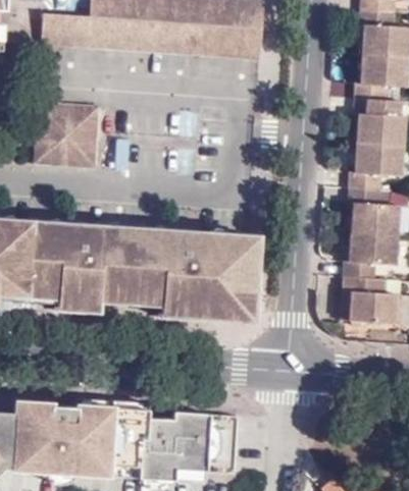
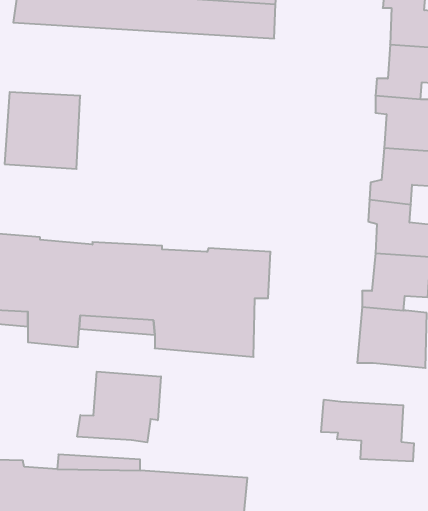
building: none -> [77,372,161,442]
building: none -> [321,400,414,461]

